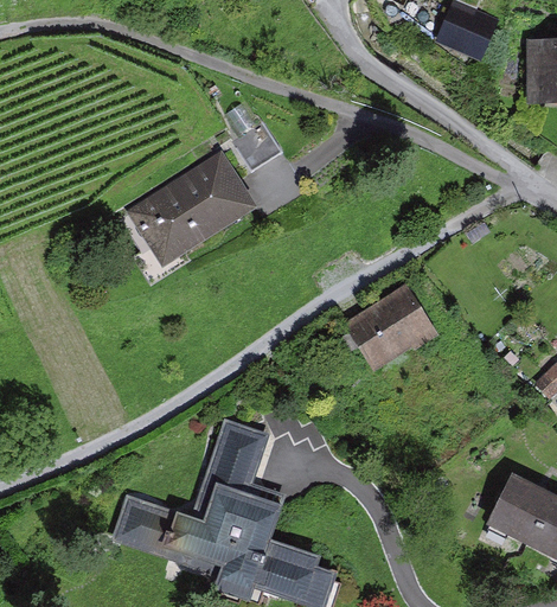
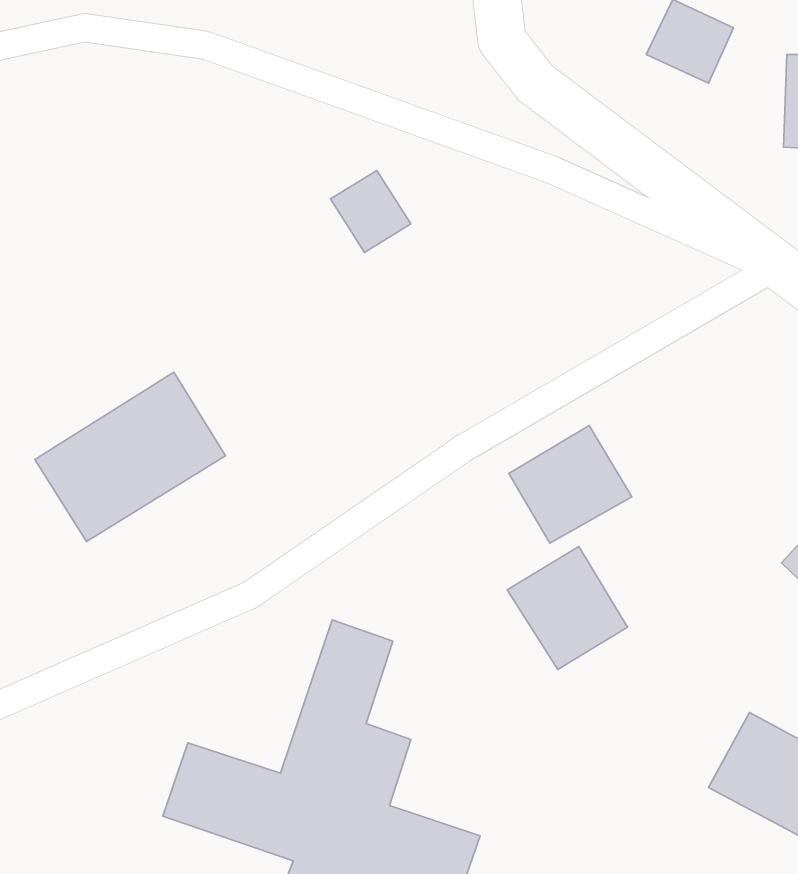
building: [128,153,255,266] -> [35,372,226,542]
building: none -> [507,547,627,670]

